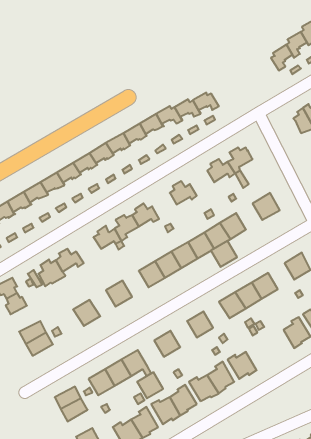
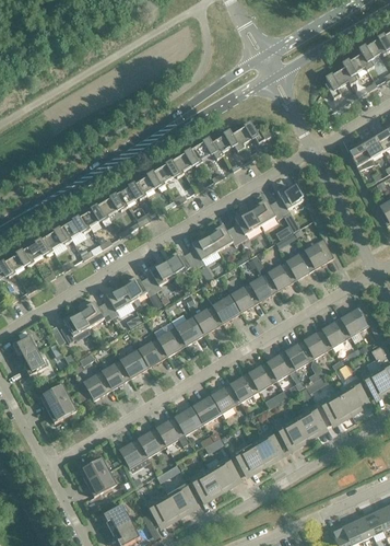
building: none -> [233,211,260,241]
building: none -> [190,236,217,267]
building: none -> [104,288,132,317]
building: [211,241,237,267] -> [285,249,315,279]
building: none -> [321,317,351,347]
building: none -> [156,326,186,356]
building: none -> [119,348,149,377]
building: none -> [248,361,277,391]
building: none -> [82,370,113,399]
building: none -> [211,383,240,413]
building: none -> [318,393,351,423]
building: none -> [296,404,327,439]
building: [137,372,163,398] -> [174,405,203,434]

